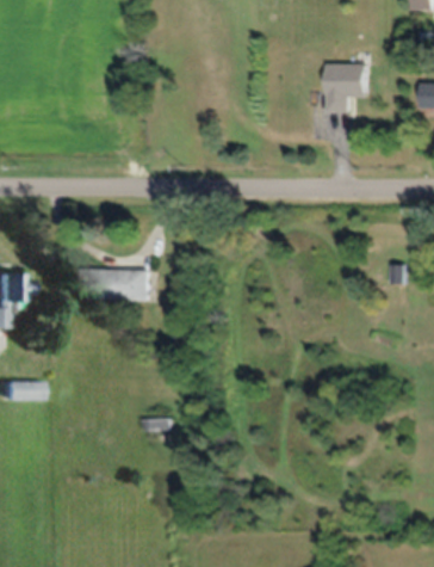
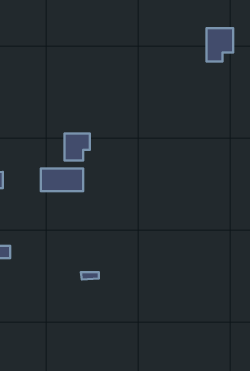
building: none -> [65,134,90,160]

